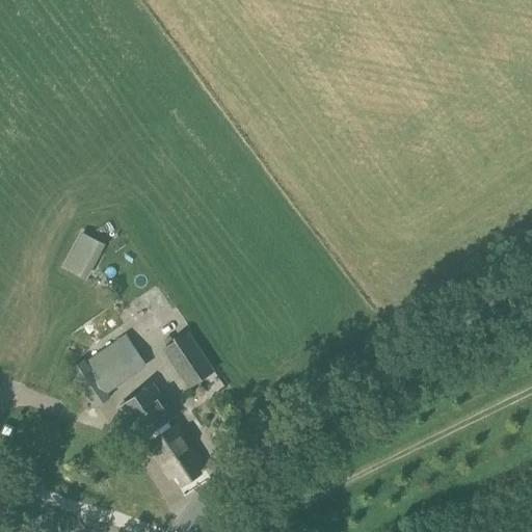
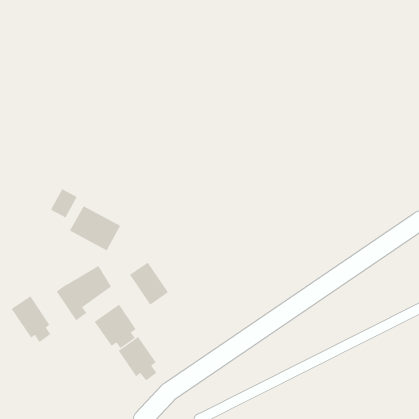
building: none -> [69,205,121,251]
building: none -> [11,296,51,343]

